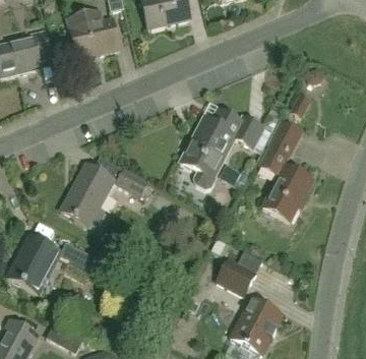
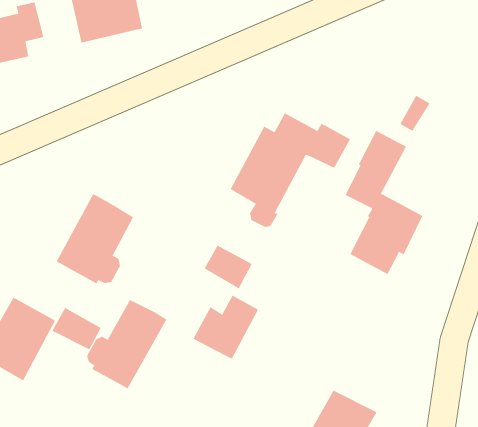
building: [115,168,148,198] -> [204,245,252,289]
building: none -> [87,299,167,389]
building: [216,250,261,295] -> [192,295,259,360]

